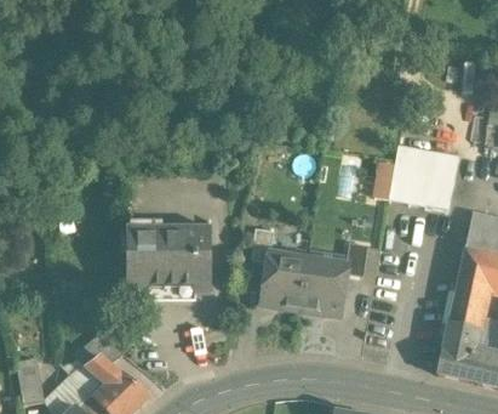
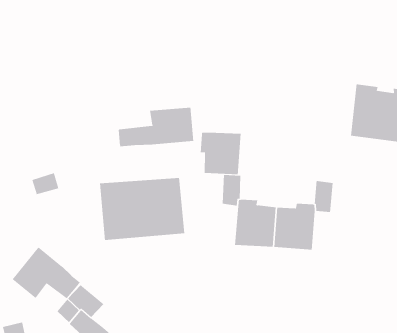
building: none -> [118,107,194,147]
building: none -> [200,132,241,175]
building: none -> [12,247,81,299]

